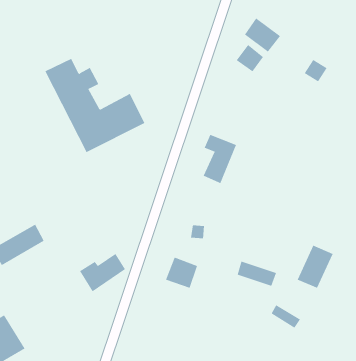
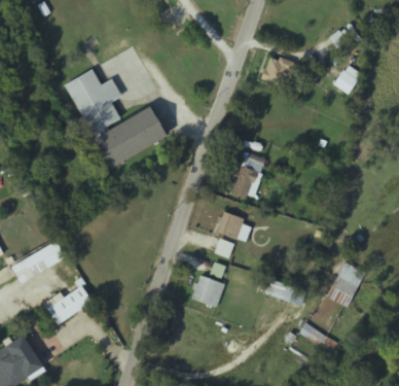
building: [244,18,281,52] -> none
building: none -> [216,211,244,237]
building: [79,253,126,292] -> [44,284,93,324]

